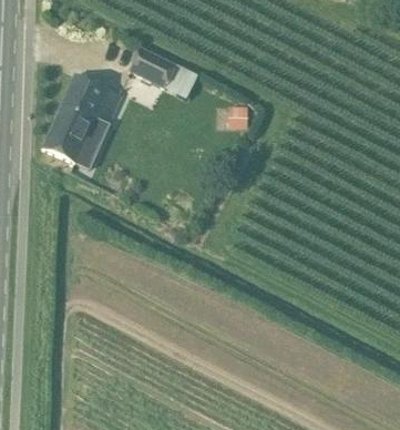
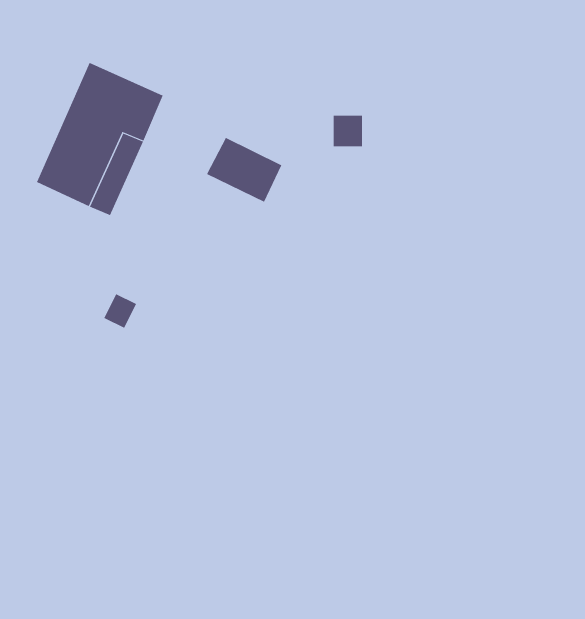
building: [130,48,177,89] -> [206,137,282,202]

